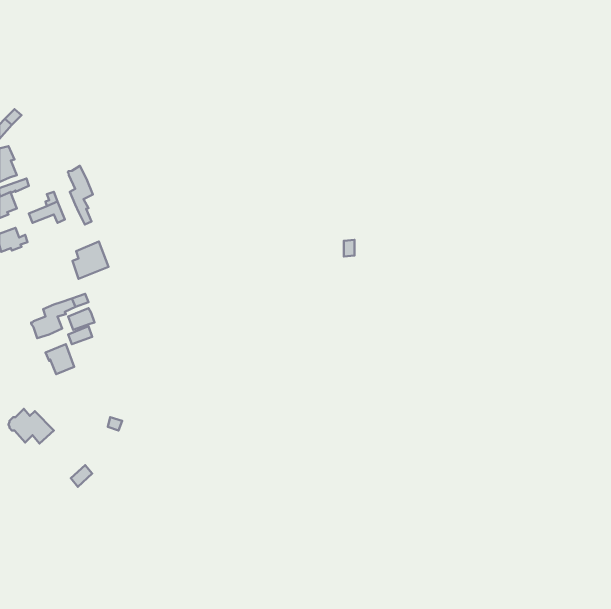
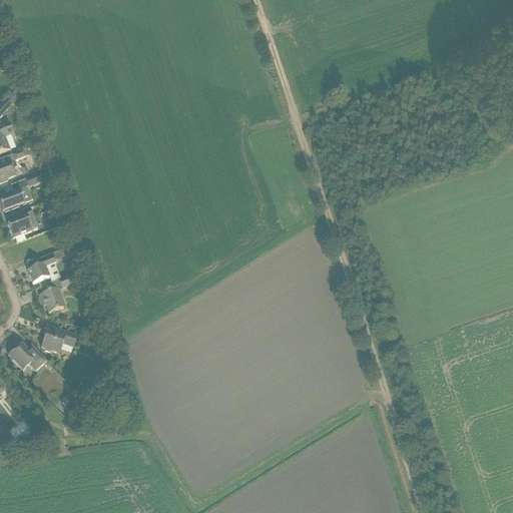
building: [68,166,93,224] -> none
building: [73,242,109,279] -> [6,206,36,237]
building: none -> [39,324,76,353]

